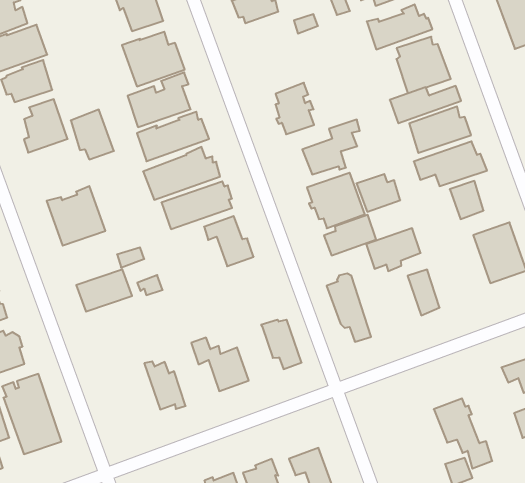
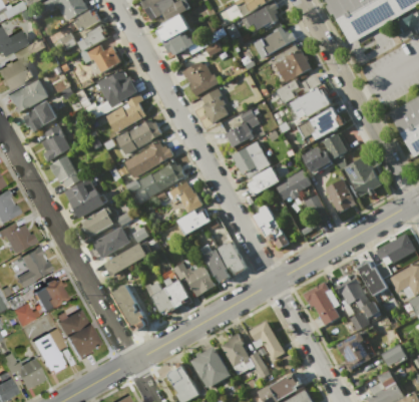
building: none -> [180,60,219,97]
building: [71,110,114,159] -> [50,154,81,187]
building: [356,174,400,212] -> [301,145,331,171]
building: none -> [79,207,113,237]
building: none -> [324,178,356,214]
building: none -> [177,210,212,235]
building: none -> [103,243,147,276]
building: none -> [202,249,230,282]
building: none -> [163,274,189,308]
building: none -> [111,284,148,332]
building: none -> [357,262,387,296]
building: none -> [302,282,340,325]

